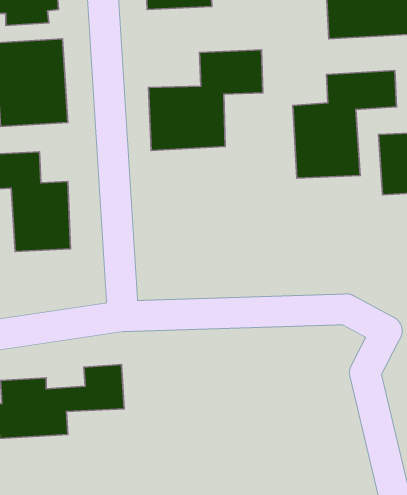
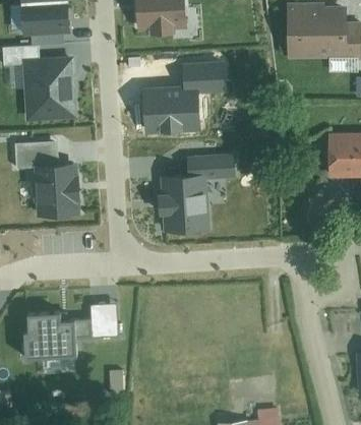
building: [293,71,396,178] -> [161,150,239,232]

